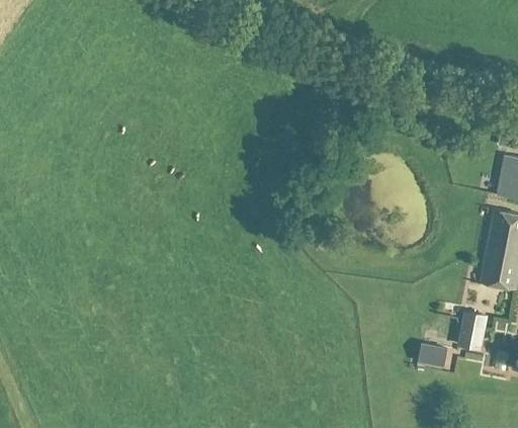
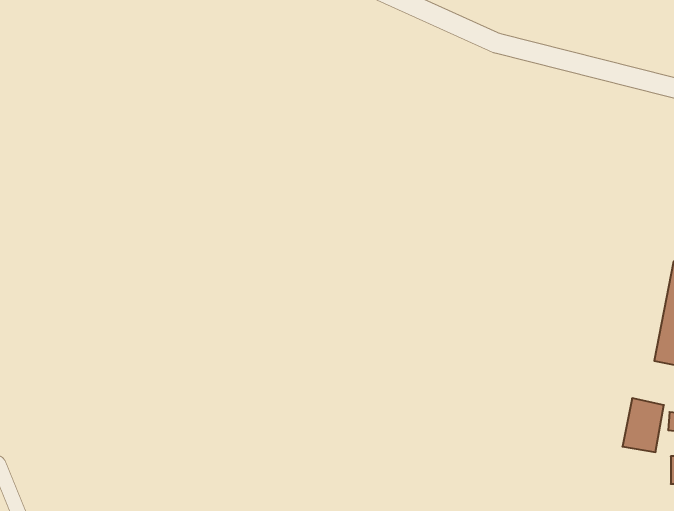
building: [417,343,447,366] -> none

